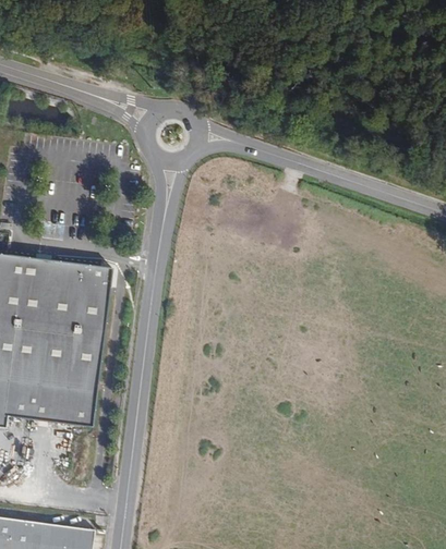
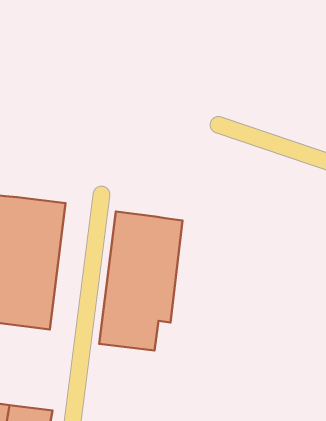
building: none -> [99,211,183,351]

